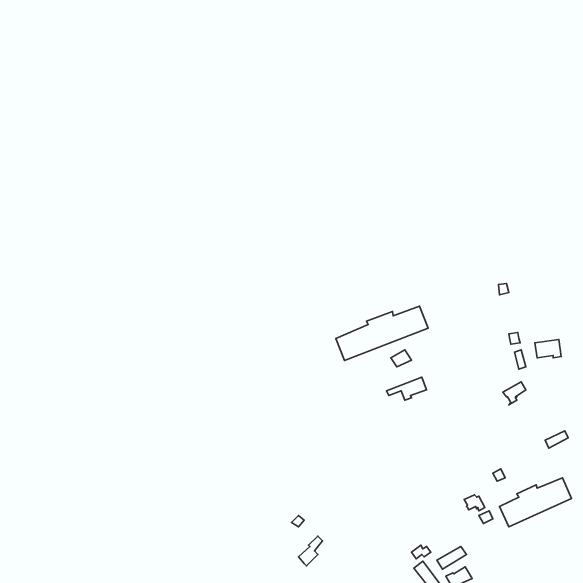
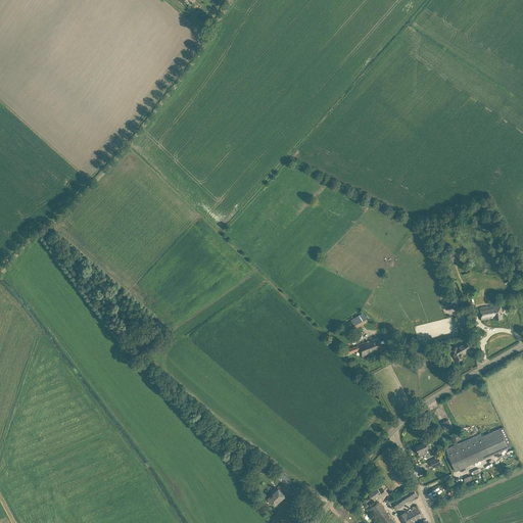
building: [336,306,428,361] -> none

